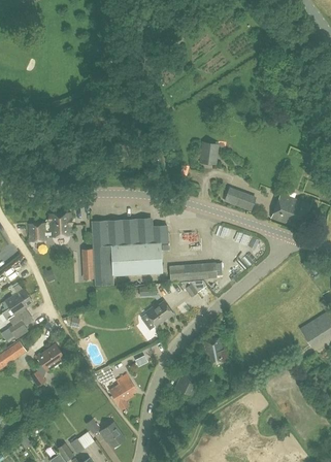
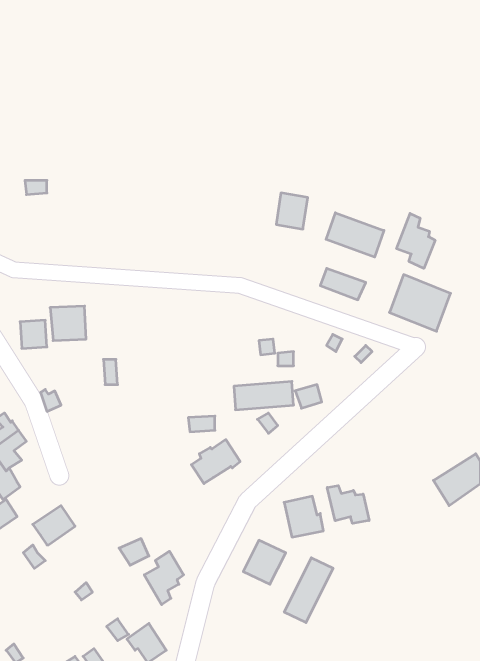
building: none -> [326,213,384,257]
building: none -> [397,213,435,268]
building: [92,220,167,286] -> none
building: none -> [327,486,369,523]
building: none -> [284,558,333,623]

